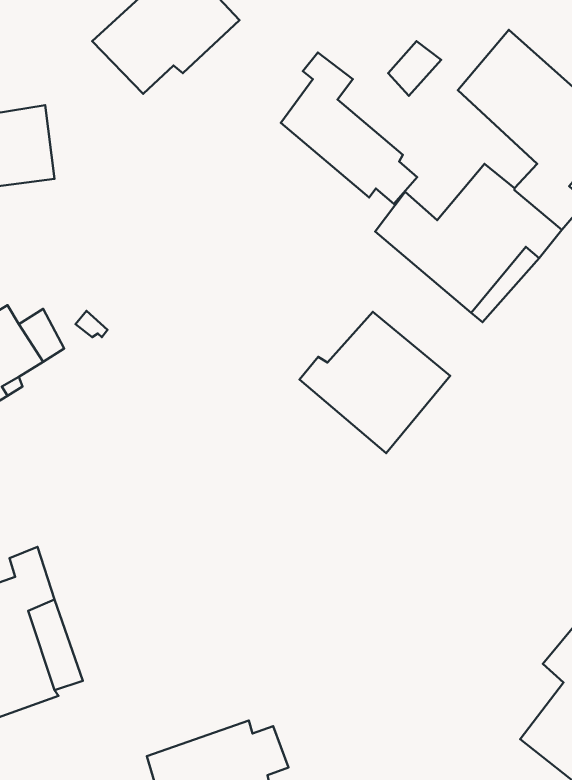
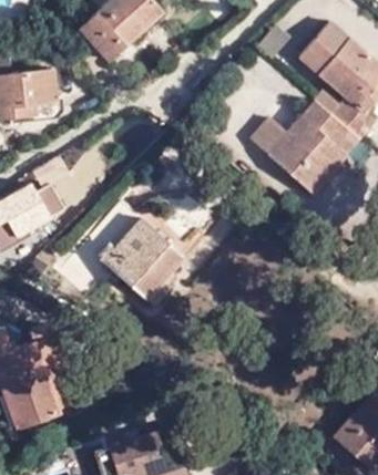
building: [281,52,417,204] -> none
building: [299,312,450,453] -> [95,217,184,300]

